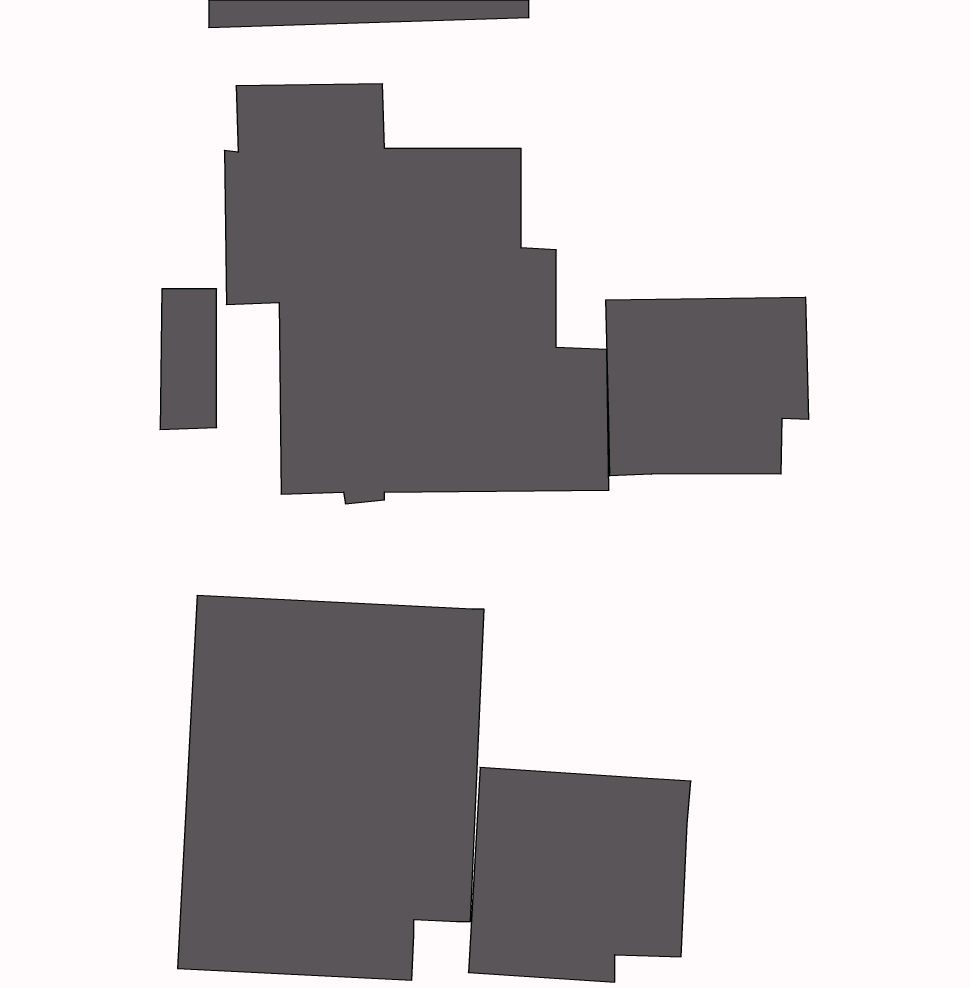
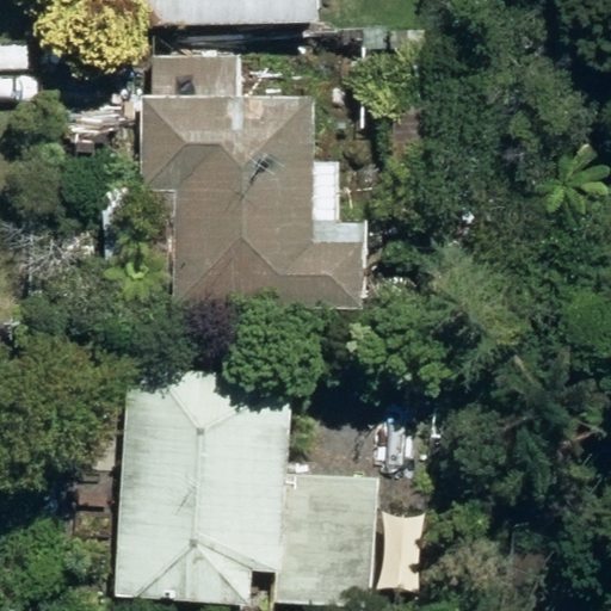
building: [606,297,808,476] -> none

